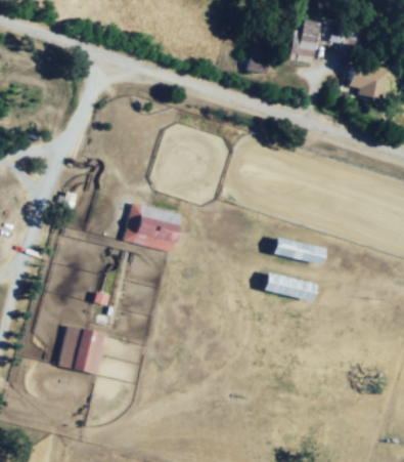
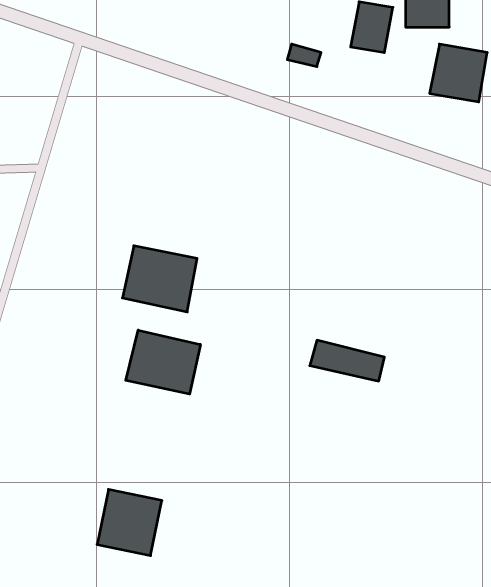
building: [270,237,323,265] -> none
building: none -> [126,330,200,394]
building: [60,326,107,374] -> [97,489,162,556]

